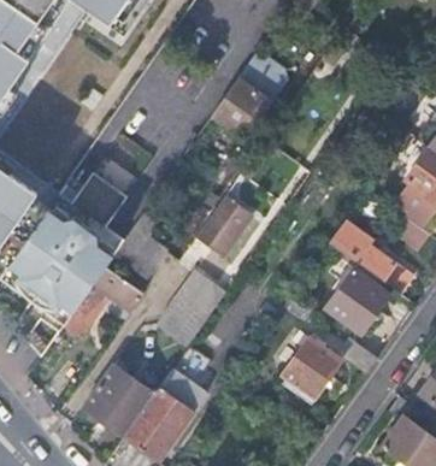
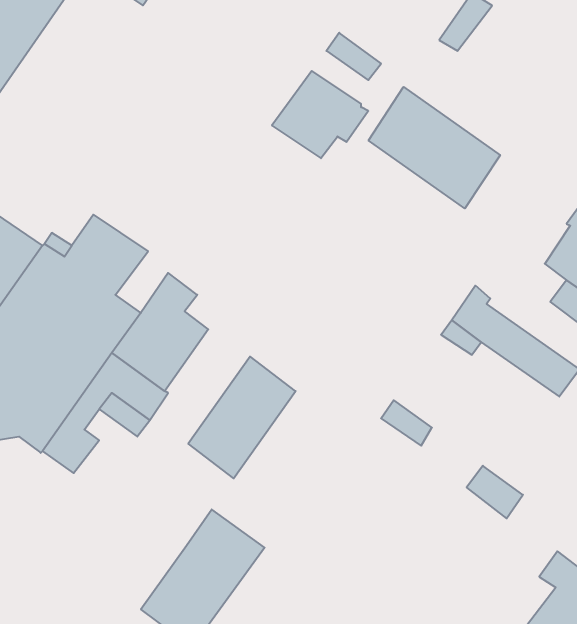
building: none -> [369,87,500,208]
building: [195,193,255,256] -> none
building: [326,269,390,332] -> none
building: [284,336,341,396] -> none
building: [86,362,155,433] -> none

